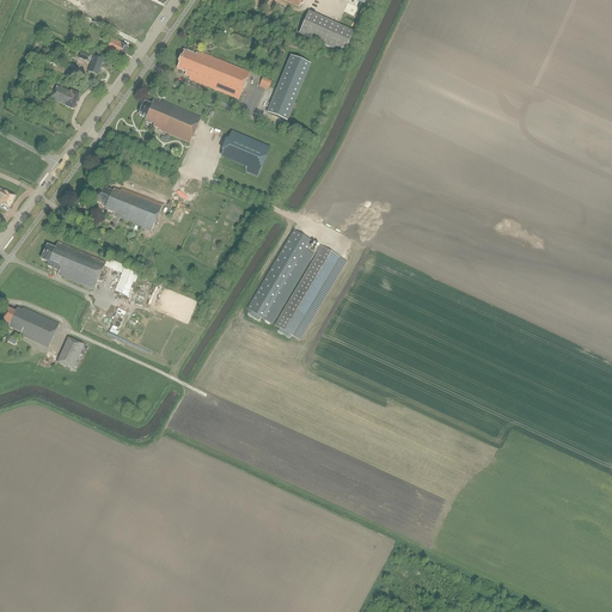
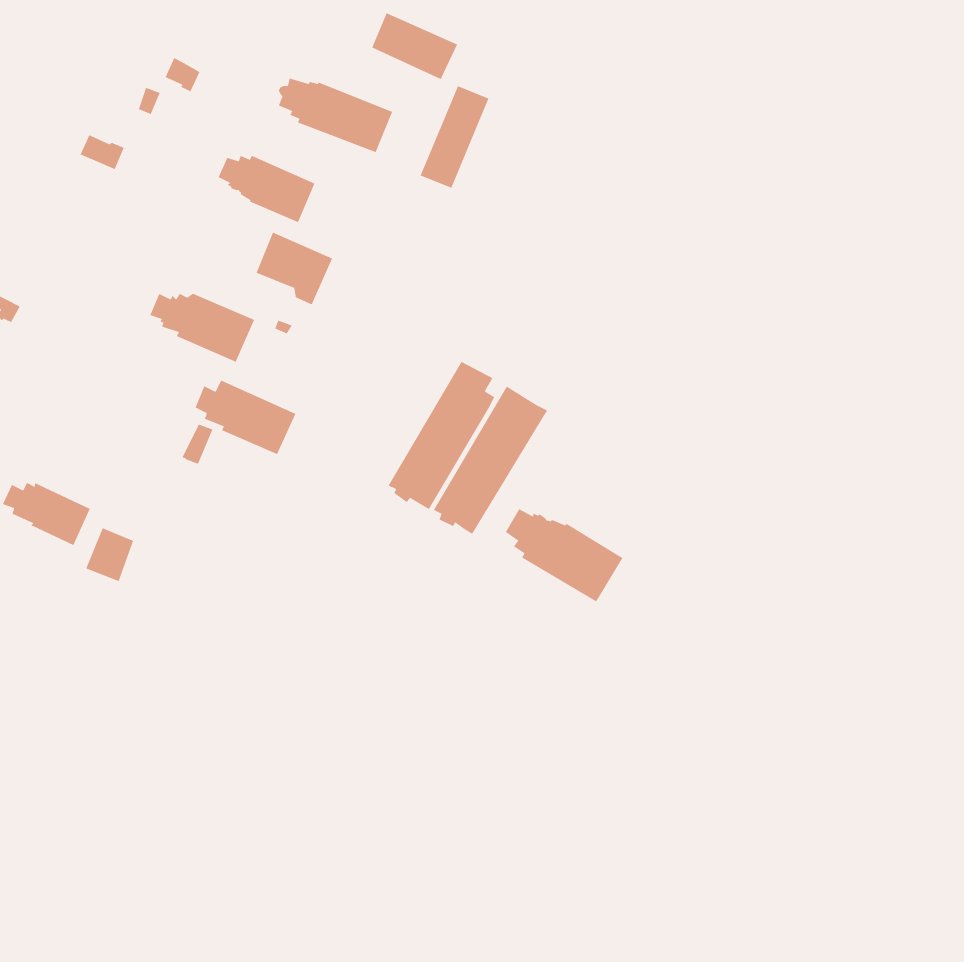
building: [298,10,353,53] -> [371,12,458,80]
building: [220,129,269,176] -> [256,232,333,305]
building: [39,239,104,287] -> [194,379,296,455]
building: none -> [505,508,624,603]

